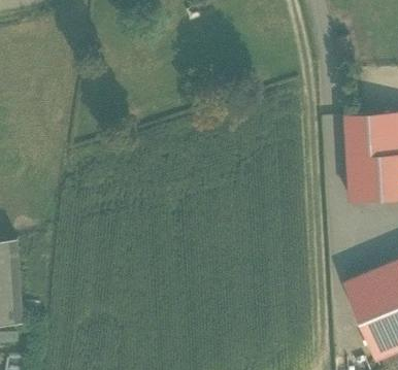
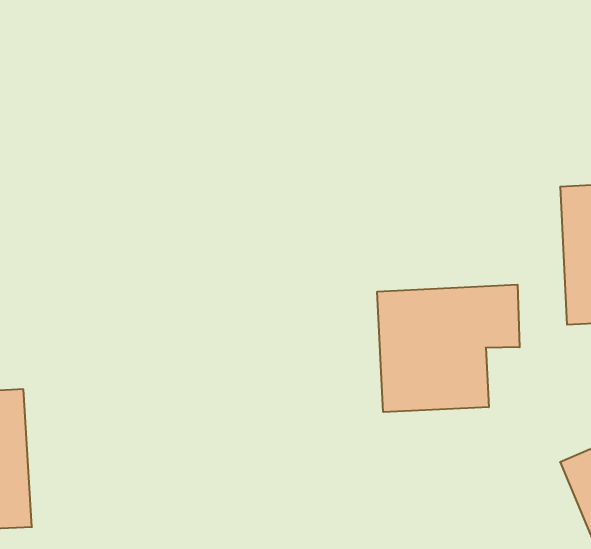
building: none -> [377,285,520,412]

